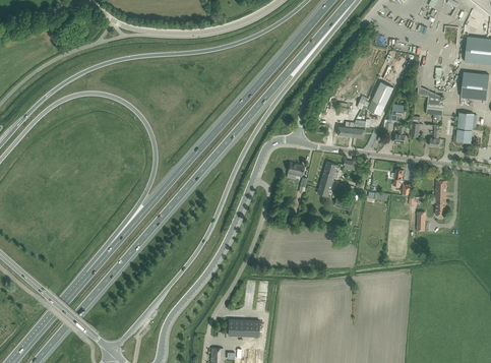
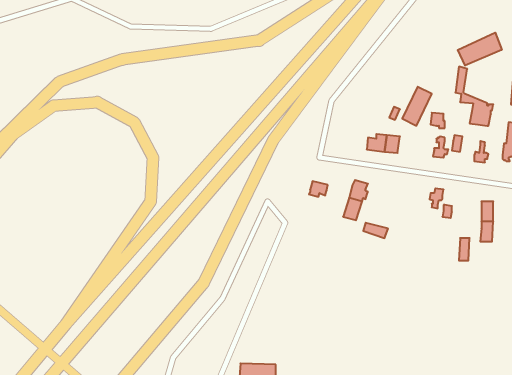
building: none -> [458,33,502,66]

